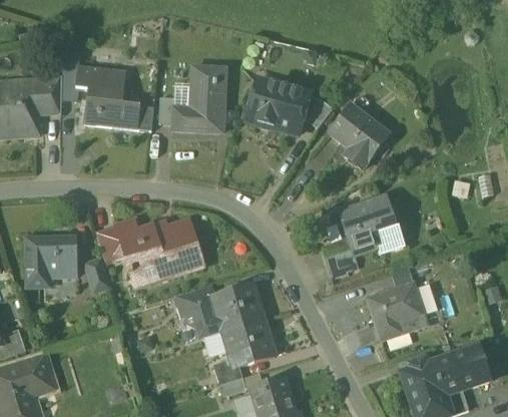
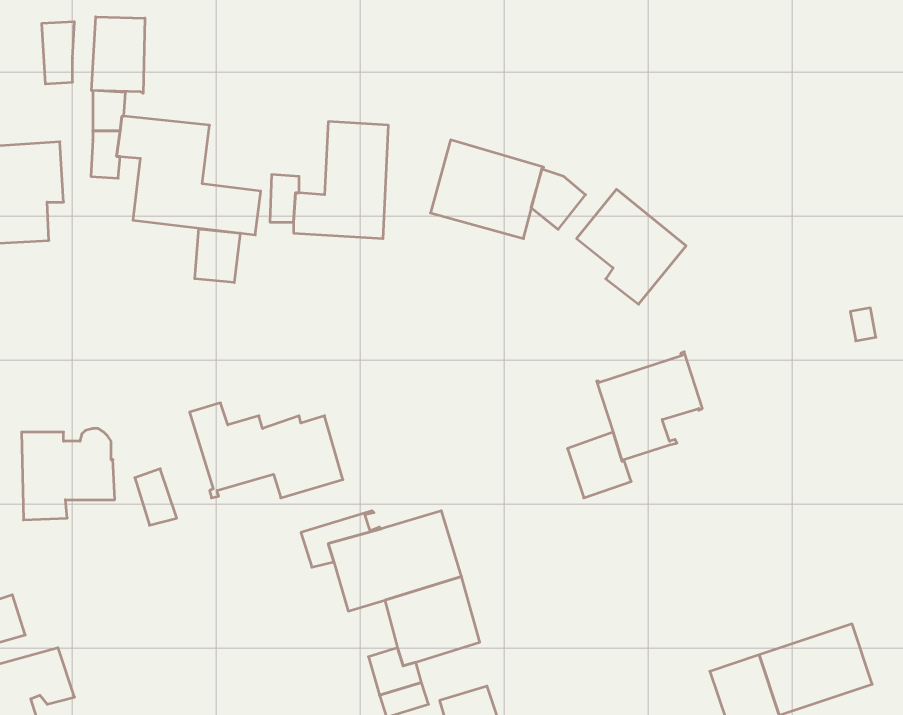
building: none -> [92,17,145,93]
building: [44,78,62,112] -> [42,22,74,84]
building: none -> [195,228,240,283]
building: [375,225,405,252] -> none
building: [96,230,124,263] -> none
building: [368,283,427,338] -> none

